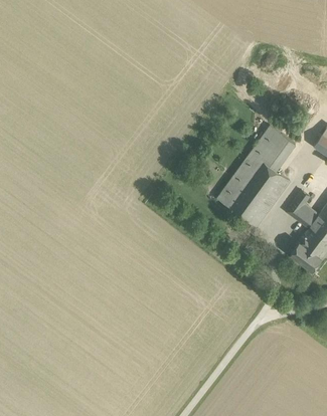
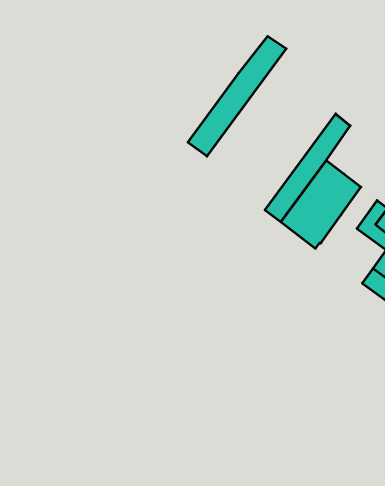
building: none -> [188,36,286,156]
building: [264,134,296,170] -> none

